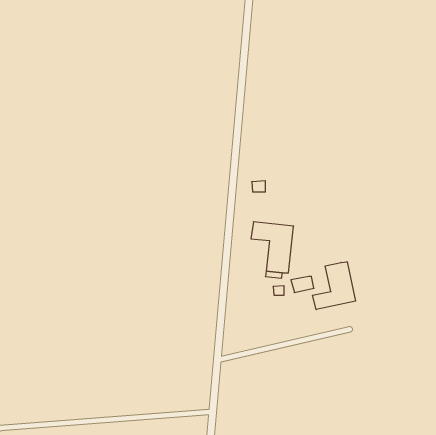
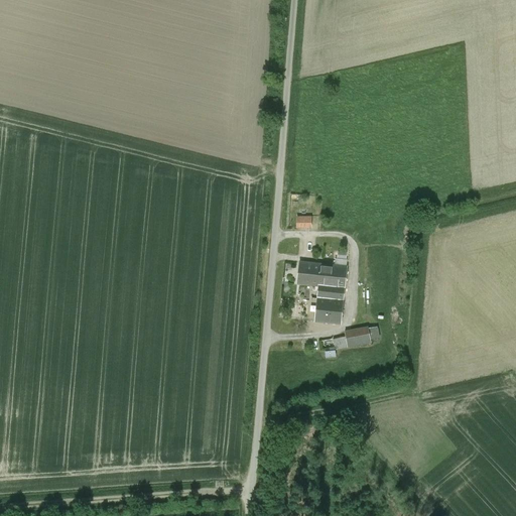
building: [312,262,356,310] -> none

